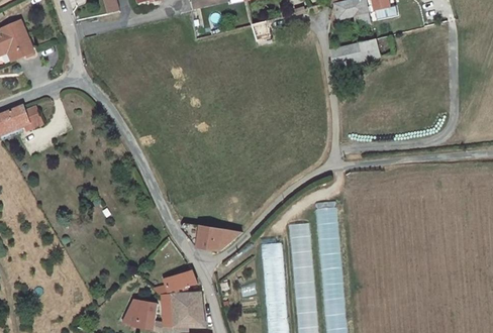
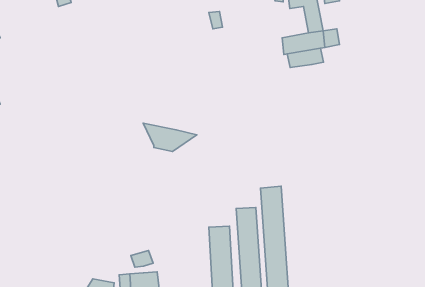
building: none -> [287,48,323,68]
building: [181,224,236,253] -> [143,123,197,151]
building: [156,272,190,293] -> none

